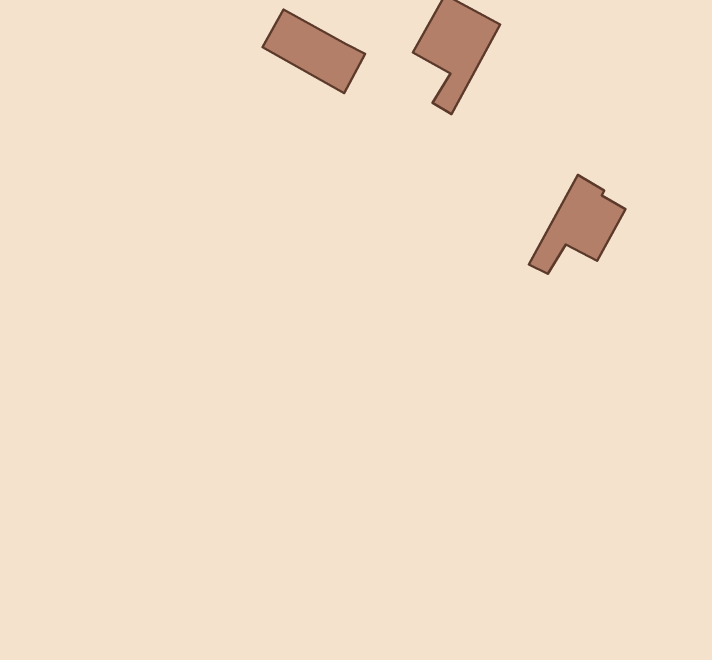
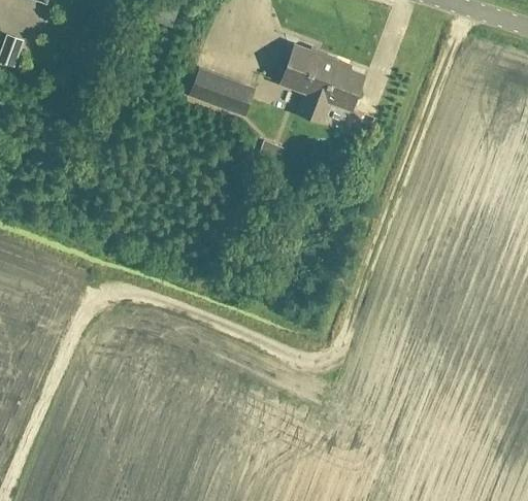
building: [529,175,625,274] -> [310,59,364,122]

